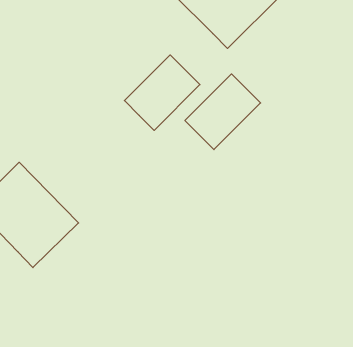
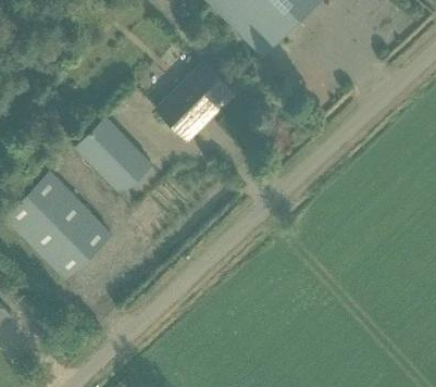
building: [185,74,261,150] -> none
building: none -> [74,116,152,195]

